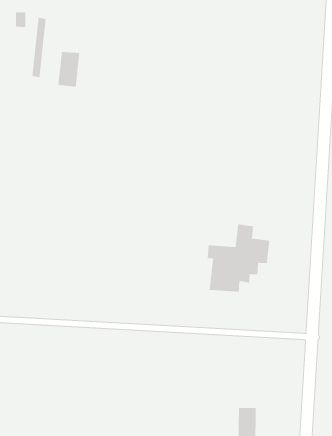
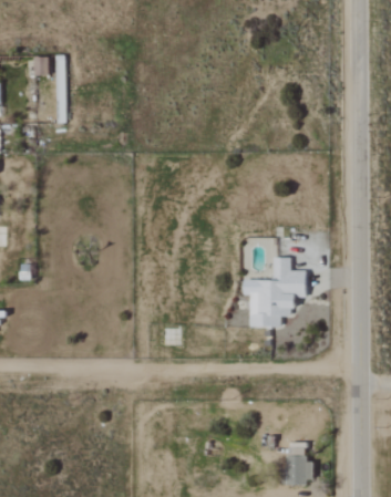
building: [58,51,80,87] -> none

